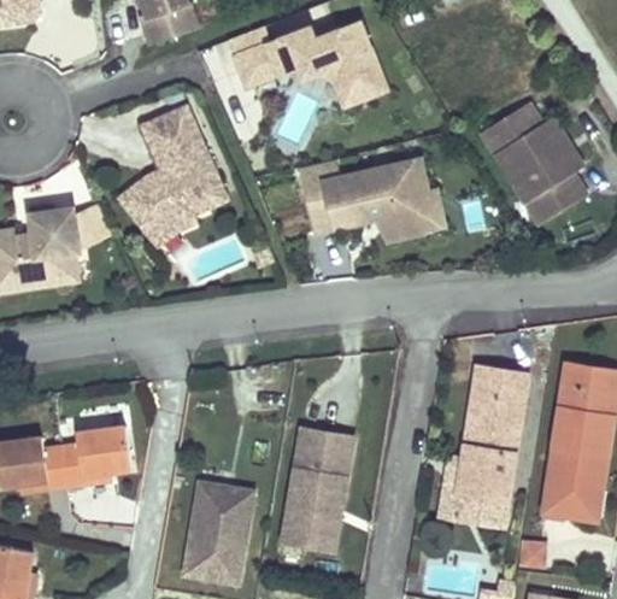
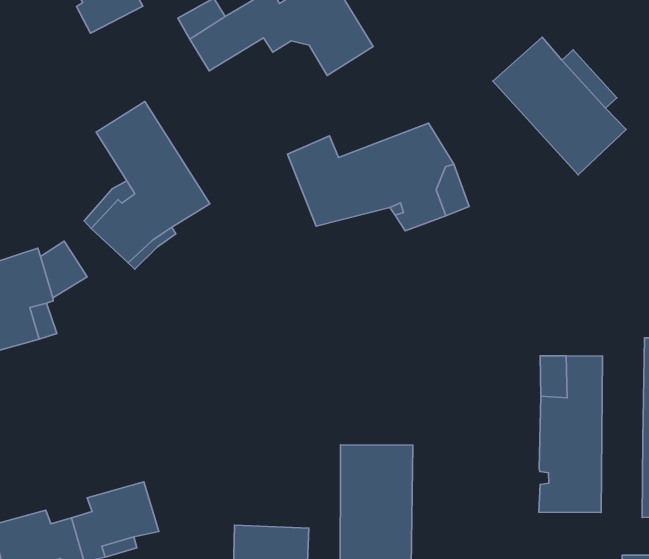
building: [440,460,509,530] -> none

